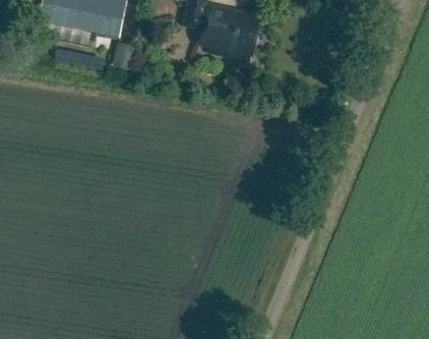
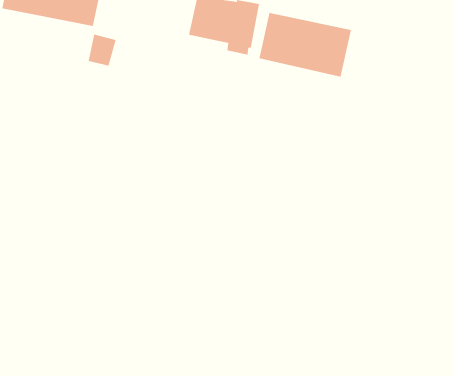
building: none -> [259,12,351,78]

